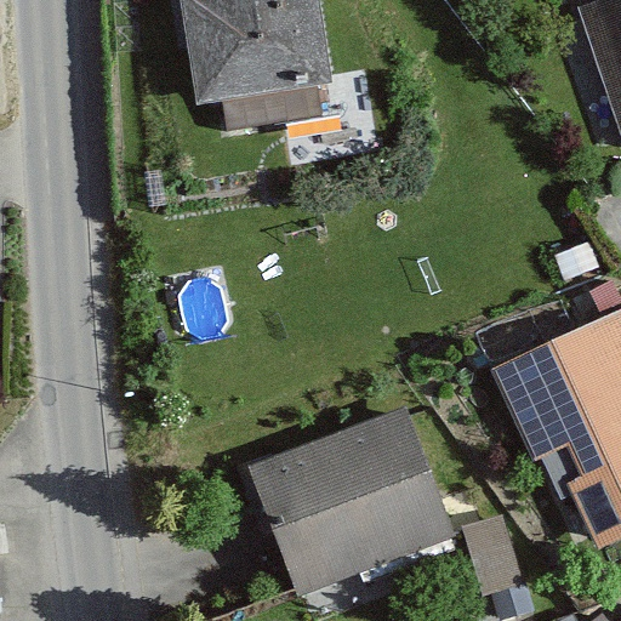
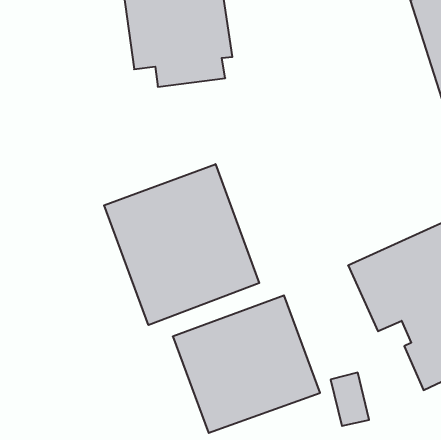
building: none -> [104,164,259,325]

